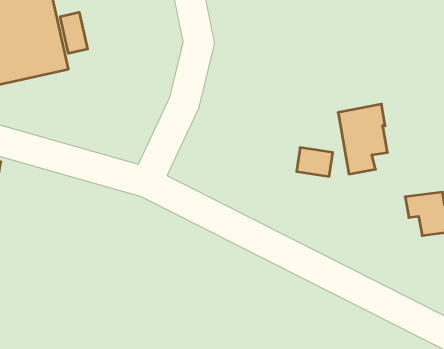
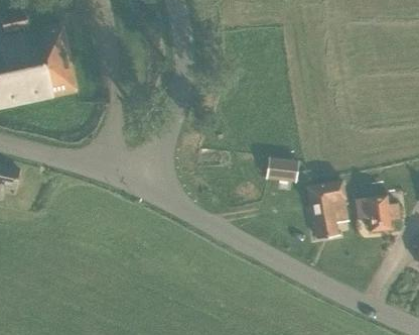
building: [60,12,88,53] -> none
building: [338,104,388,174] -> [308,181,350,239]

